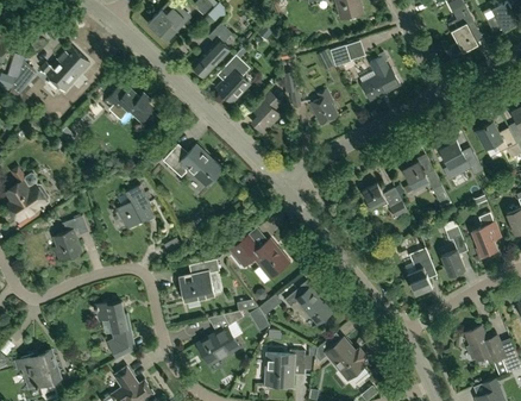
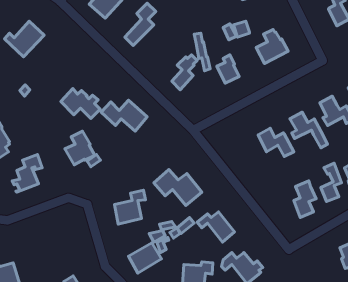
building: [215,54,250,102] -> none
building: [103,84,153,123] -> [61,88,100,119]
building: [94,301,131,358] -> none

